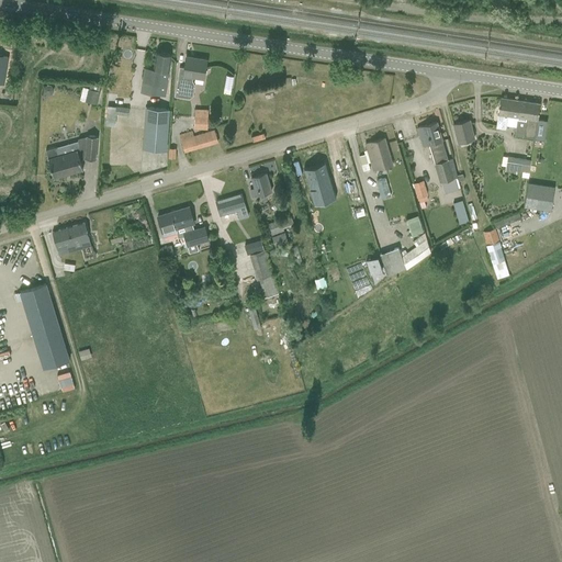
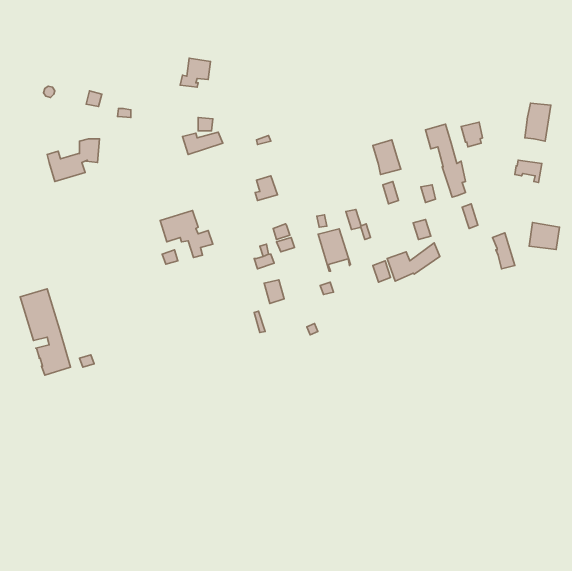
building: [142,53,171,85] -> none
building: [496,99,520,130] -> none
building: [143,108,169,151] -> none
building: [303,161,335,203] -> [318,229,350,271]
building: [525,184,554,211] -> [529,223,559,249]
building: [215,194,247,220] -> none
building: [53,224,91,256] -> none

